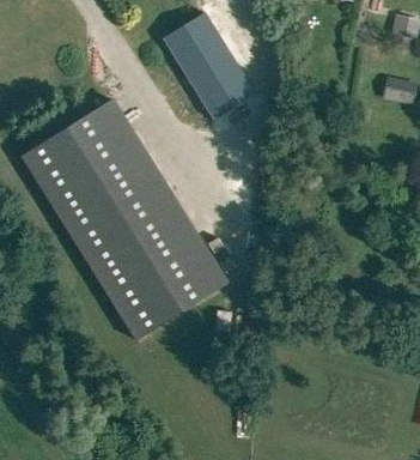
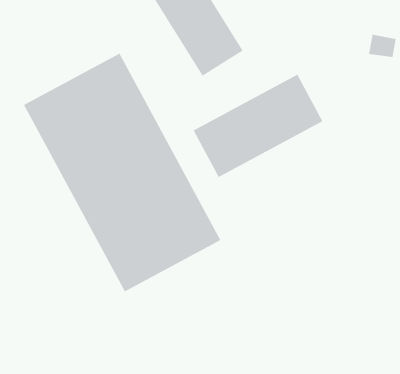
building: none -> [193,74,323,178]

